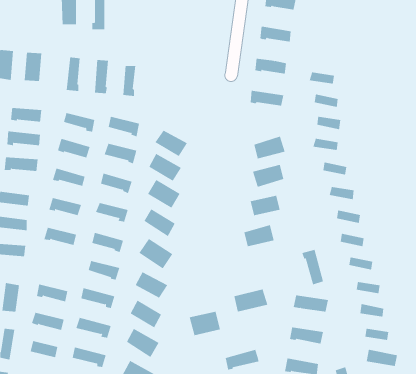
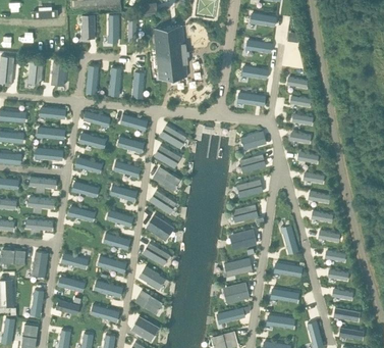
building: none -> [155,26,186,85]
building: none -> [229,230,257,250]
building: [189,311,221,336] -> [223,283,250,303]

